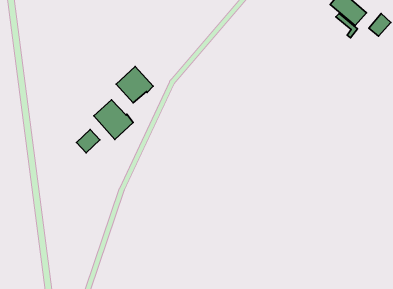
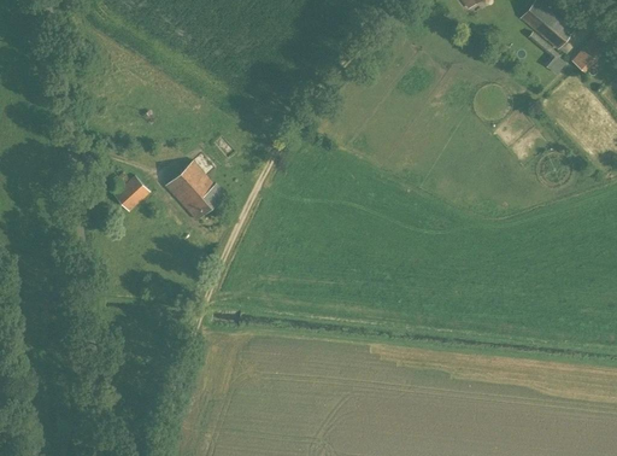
building: [116,67,153,103] -> none
building: [77,129,100,153] -> [114,175,149,210]

